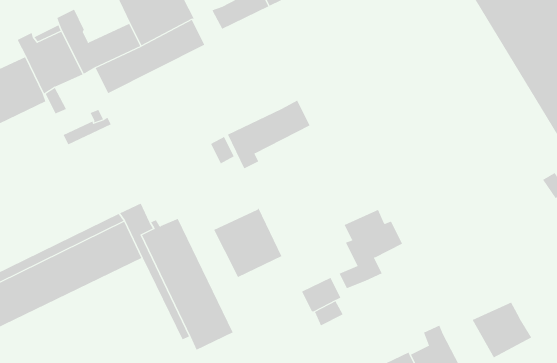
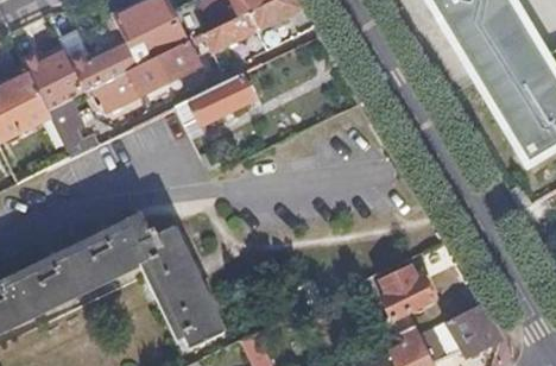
building: [227,100,310,169] -> [176,75,253,139]
building: [214,207,282,278] -> none
building: [339,209,403,289] -> [374,266,434,340]

